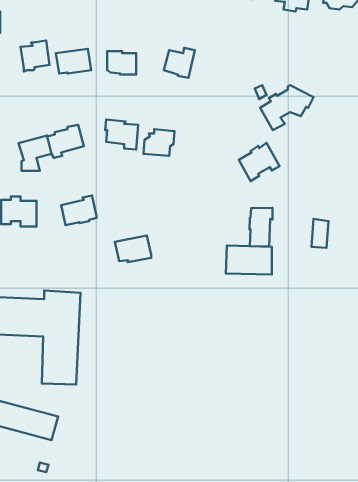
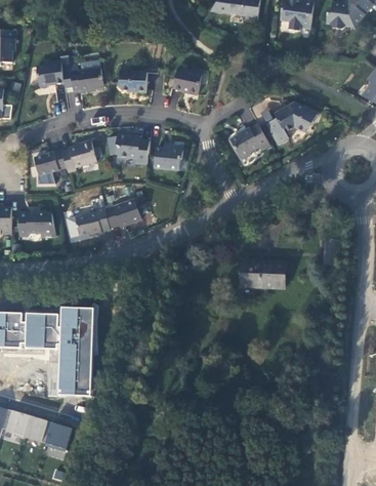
building: [239,143,279,181] -> [232,124,270,161]
building: [249,208,273,246] -> none
building: [115,236,151,262] -> [106,204,140,230]

